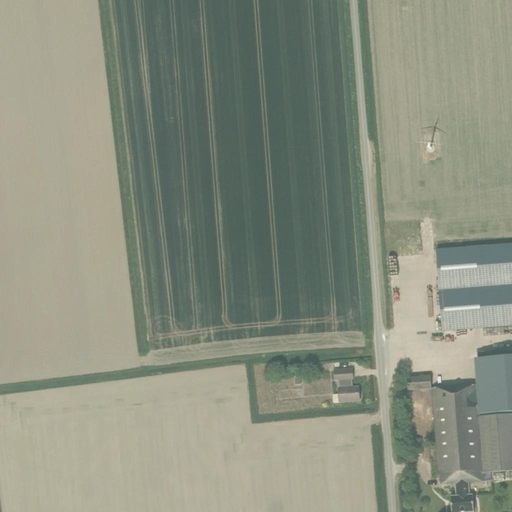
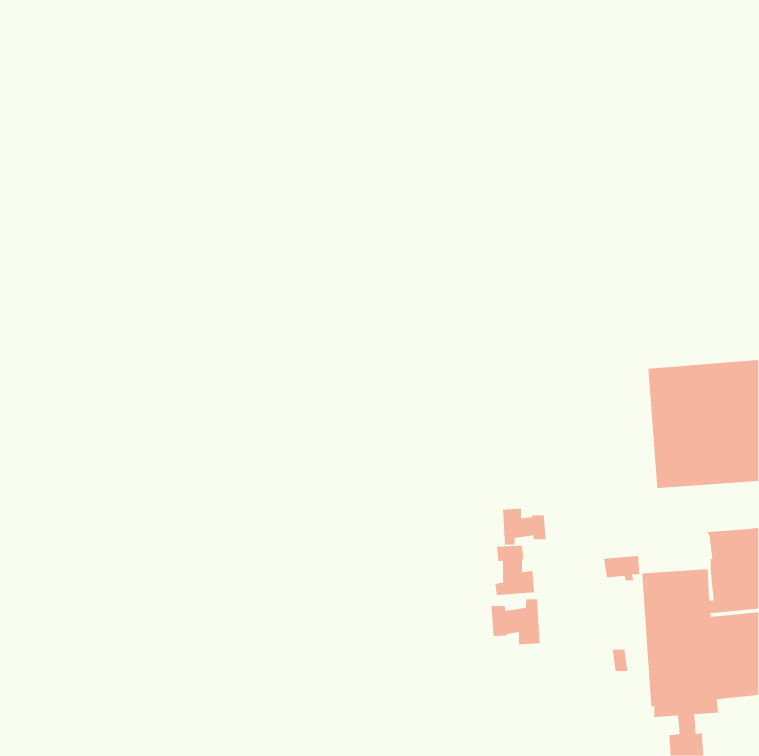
building: none -> [502,508,546,546]
building: none -> [491,598,540,645]

